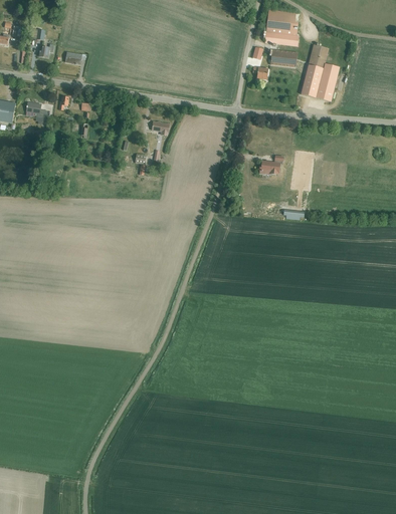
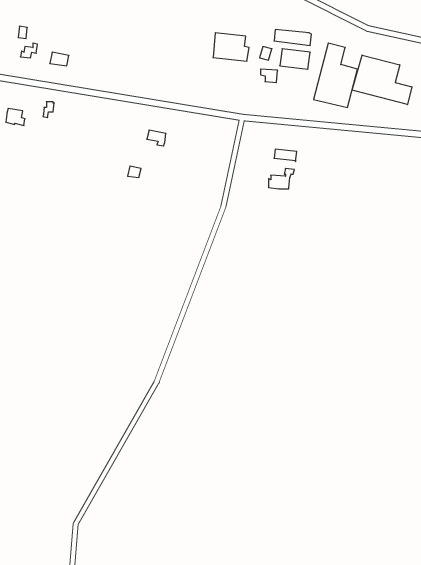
building: [265,9,298,34] -> [213,33,249,61]
building: none -> [352,55,412,105]

